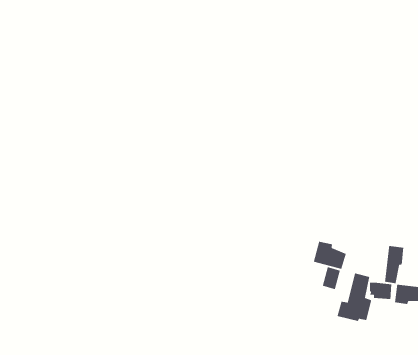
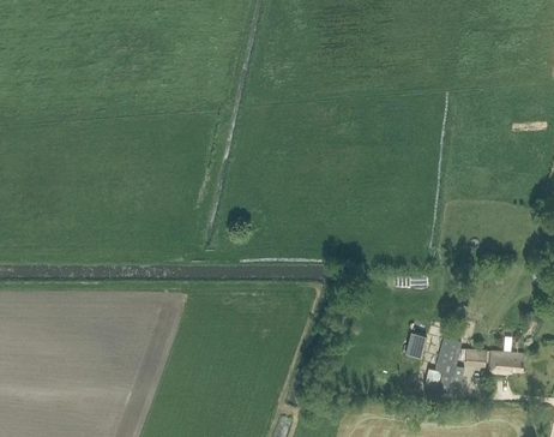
building: [313,241,347,270] -> none
building: [384,245,404,284] -> none

